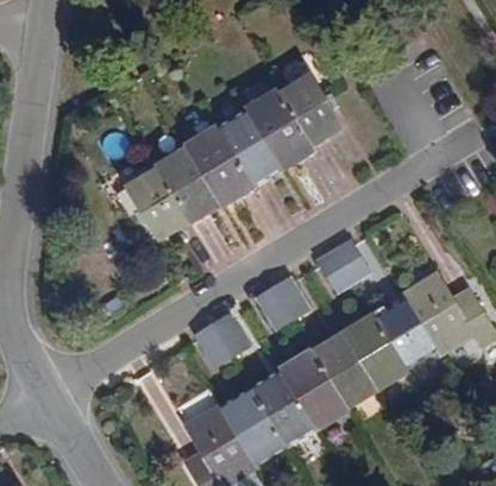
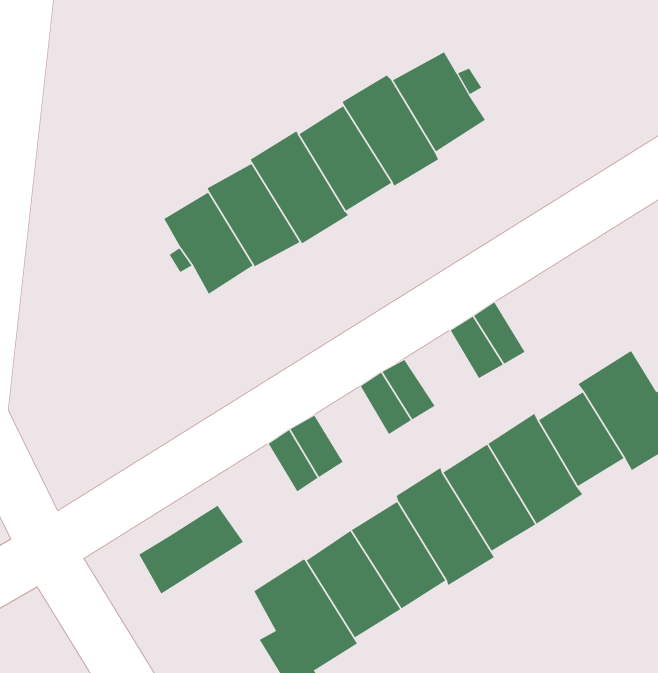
building: none -> [138,505,244,594]

